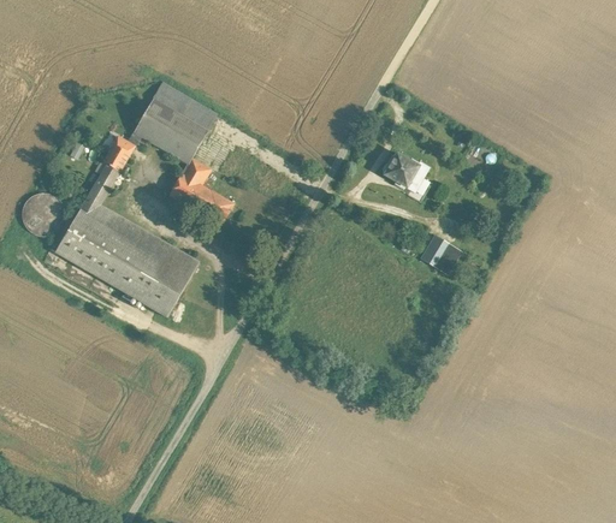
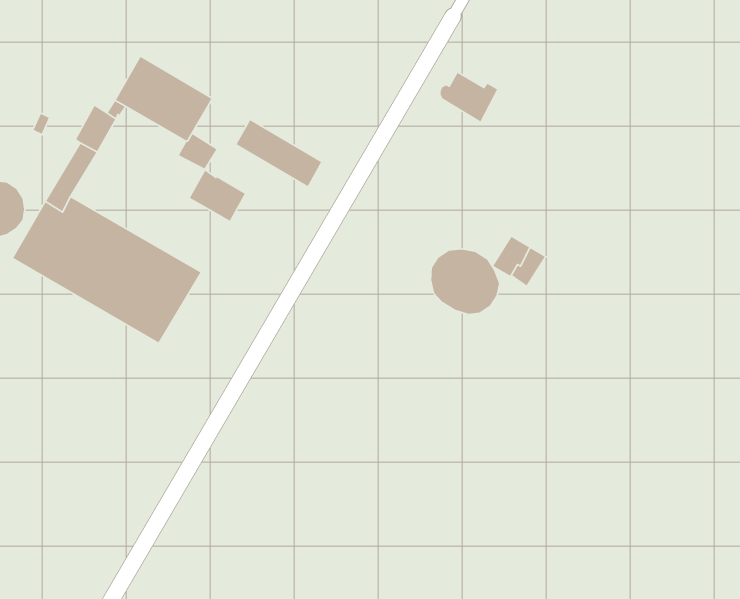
building: [152,78,218,130] -> [235,119,322,187]
building: [383,153,427,191] -> [440,72,498,122]
building: [168,173,201,206] -> none
building: none -> [430,249,500,314]

